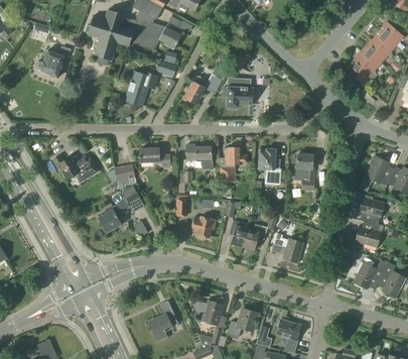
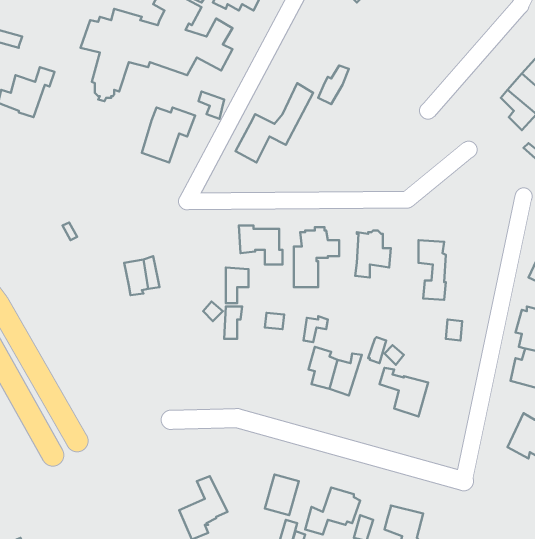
building: [223,78,253,107] -> none
building: [139,147,170,166] -> none
building: [52,155,97,182] -> none
building: [98,185,144,232] -> none
building: [190,215,216,237] -> none

